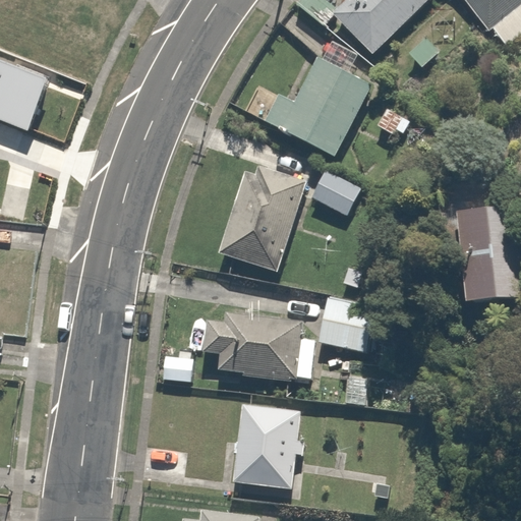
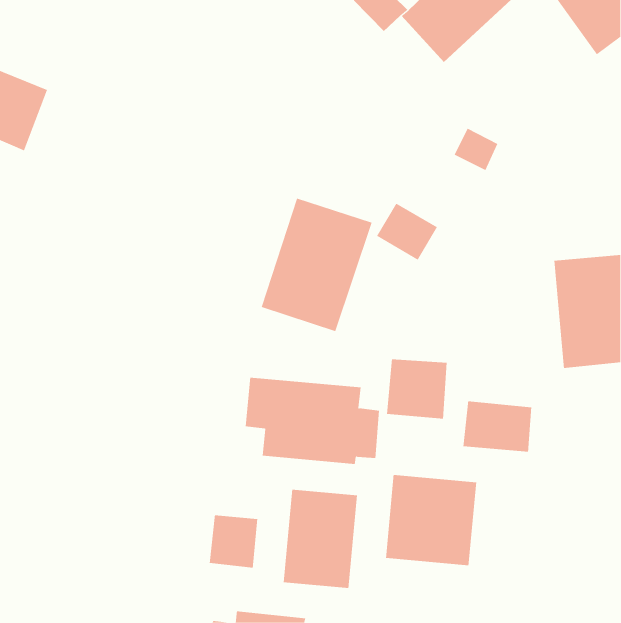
building: [245,36,371,158] -> none
building: none -> [463,401,532,452]
building: none -> [385,474,477,566]
building: none -> [209,515,258,568]

